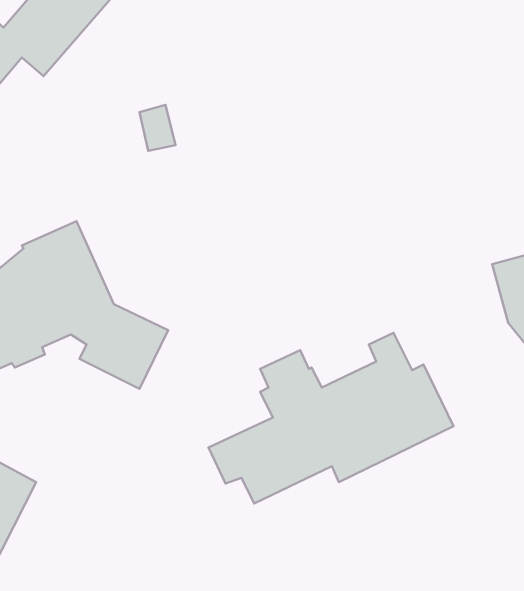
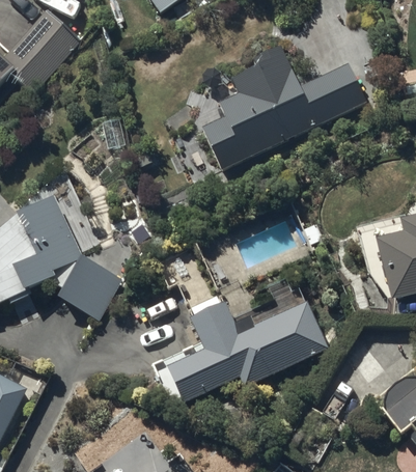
building: none -> [202,45,367,168]

